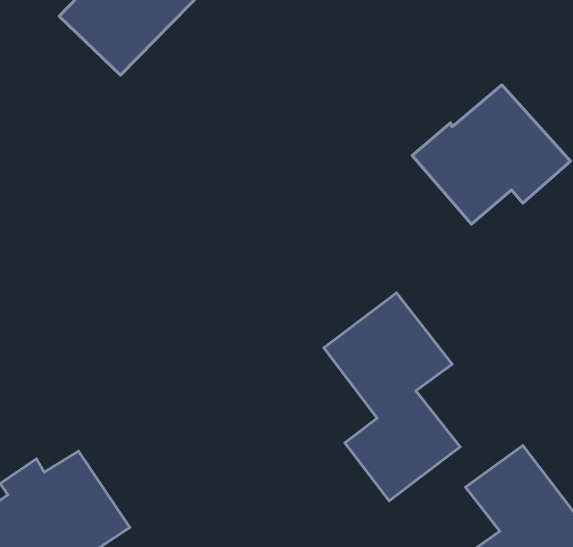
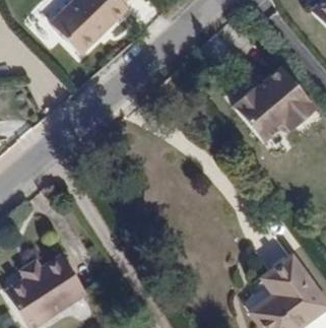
building: [324,293,460,501] -> none

